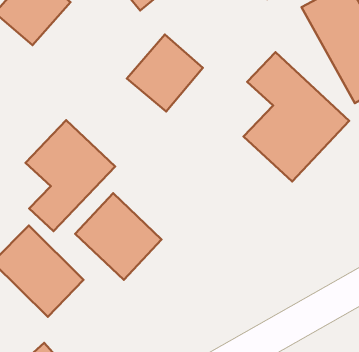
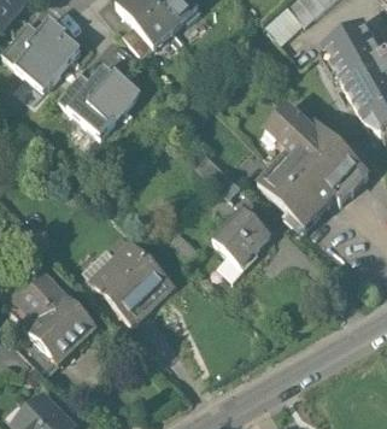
building: [127,34,203,112] -> [58,52,135,130]
building: [26,120,115,231] -> none
building: none -> [211,200,276,265]

